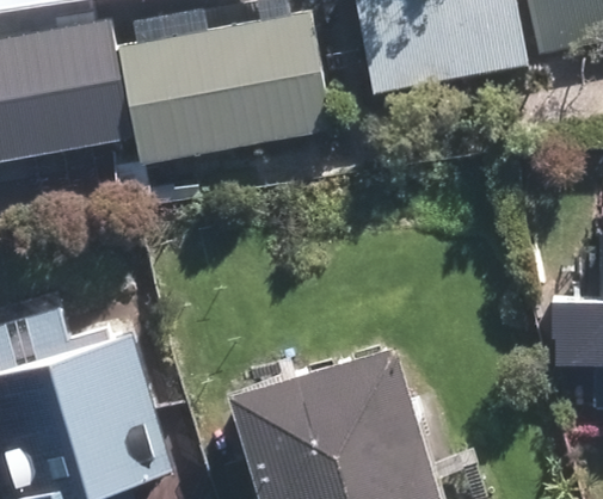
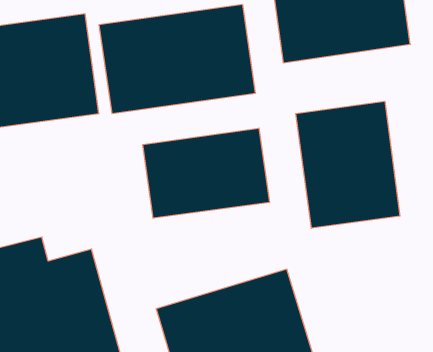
building: none -> [296,101,400,228]
building: none -> [143,128,269,218]

